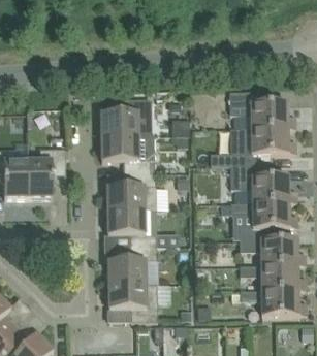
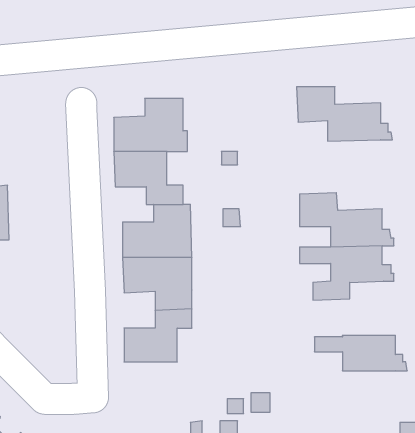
building: [229,127,295,165] -> none
building: [26,148,65,197] -> none
building: [240,238,305,264] -> none
building: [107,283,156,321] -> none
building: [241,289,306,315] -> none

